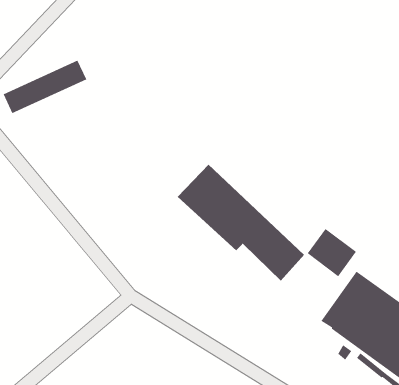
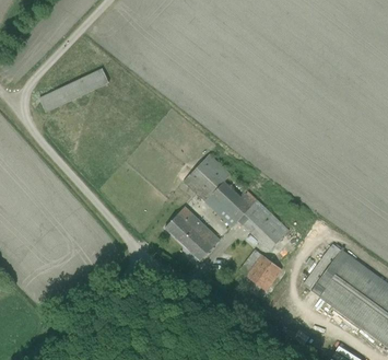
building: none -> [165,207,220,260]
building: [307,228,357,277] -> [239,249,281,290]

